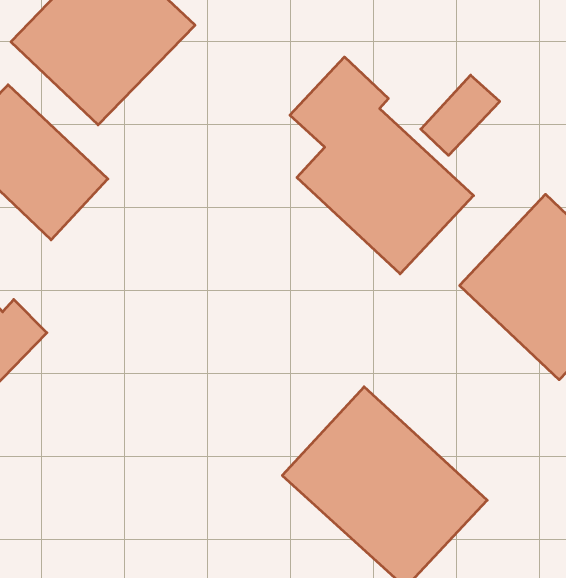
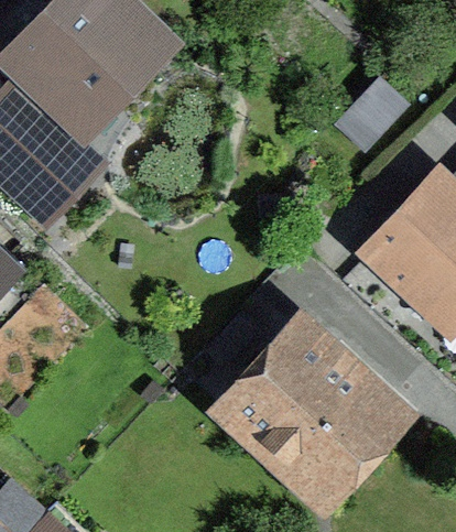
building: [290,57,474,274] -> none

